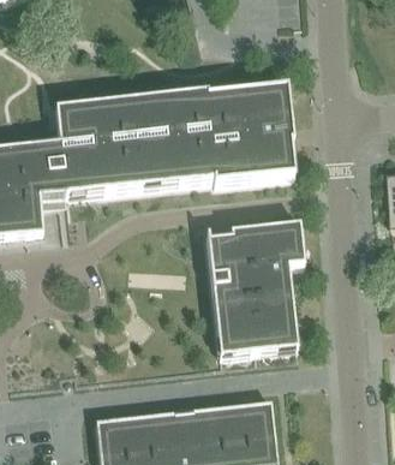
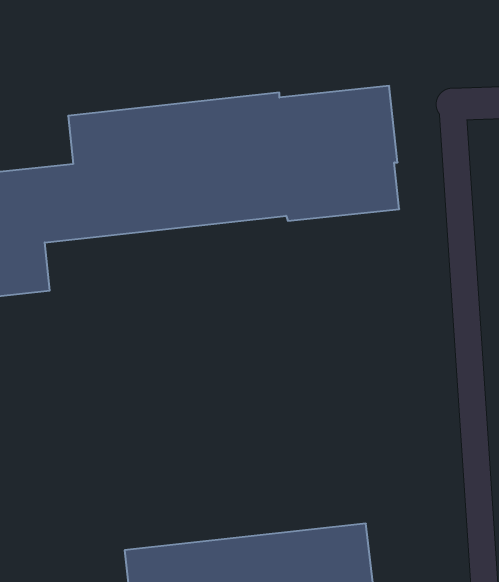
building: [207,226,304,356] -> none

